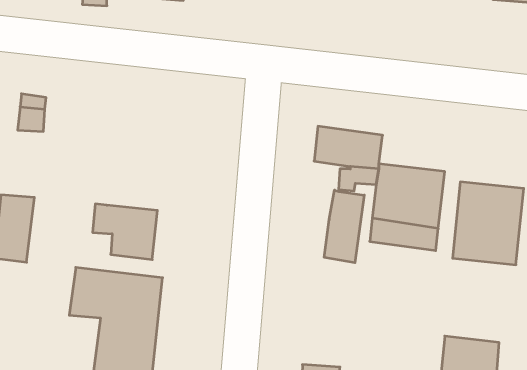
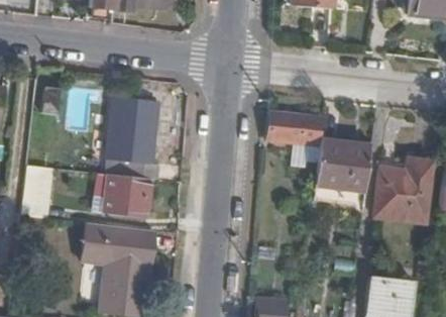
building: none -> [108,98,159,180]
building: [324,190,364,263] -> none

